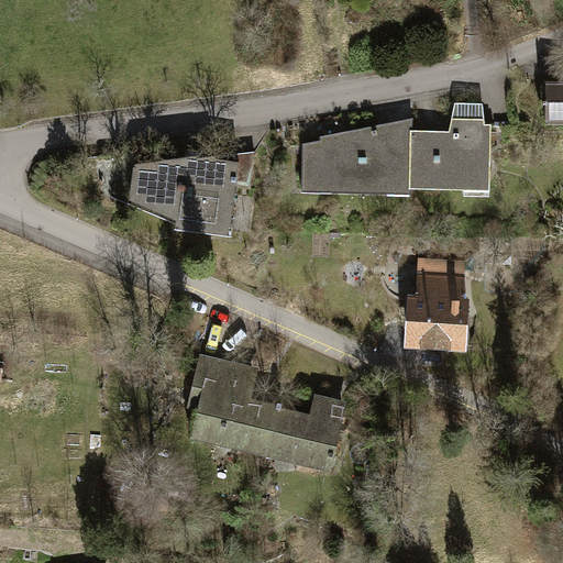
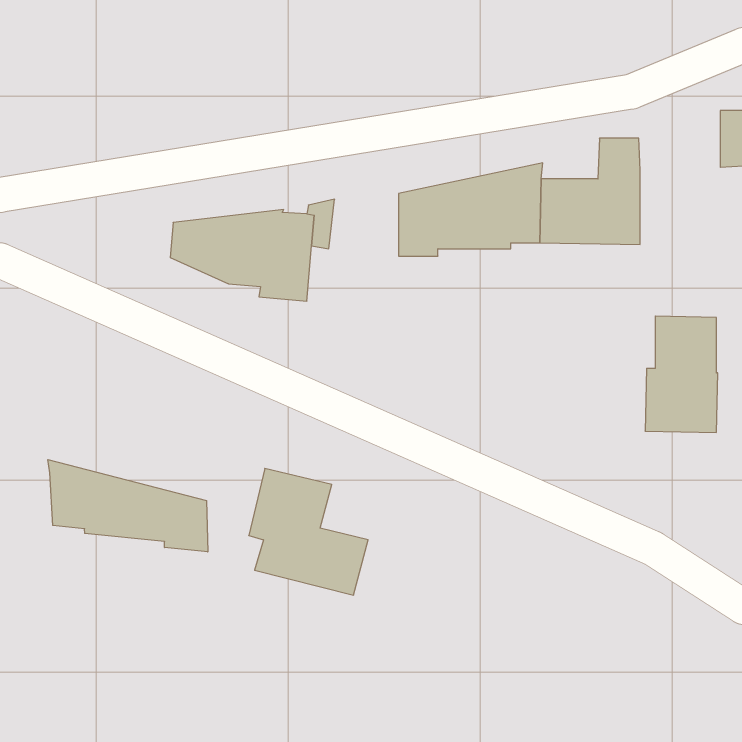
building: [410,261,465,349] -> [645,316,718,432]
building: none -> [48,460,208,552]
building: [268,407,343,472] -> none

